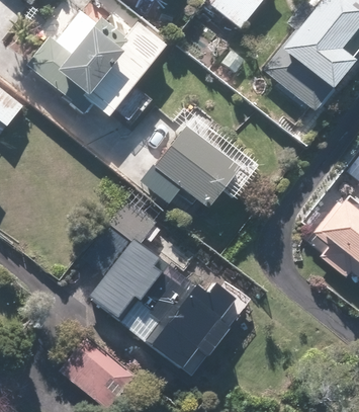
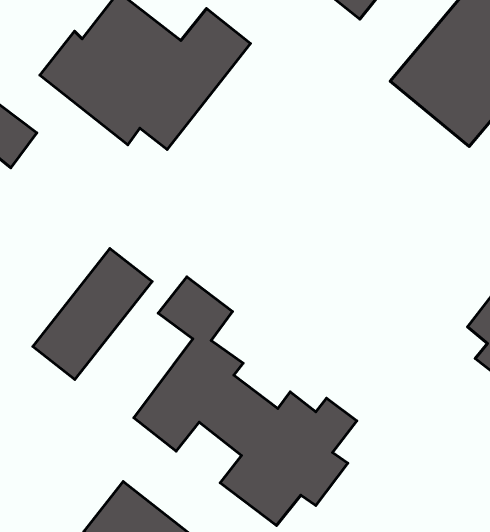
building: [142,125,243,208] -> none
building: none -> [33,249,152,380]

